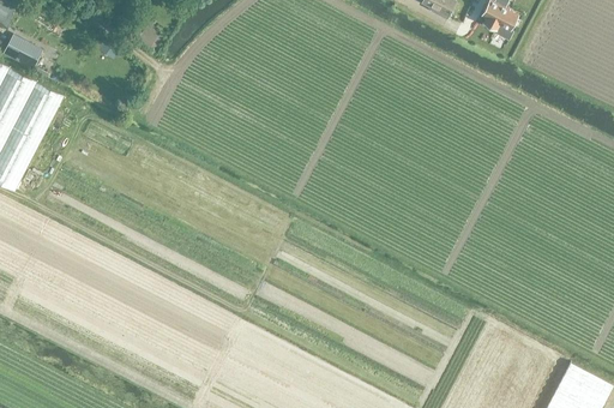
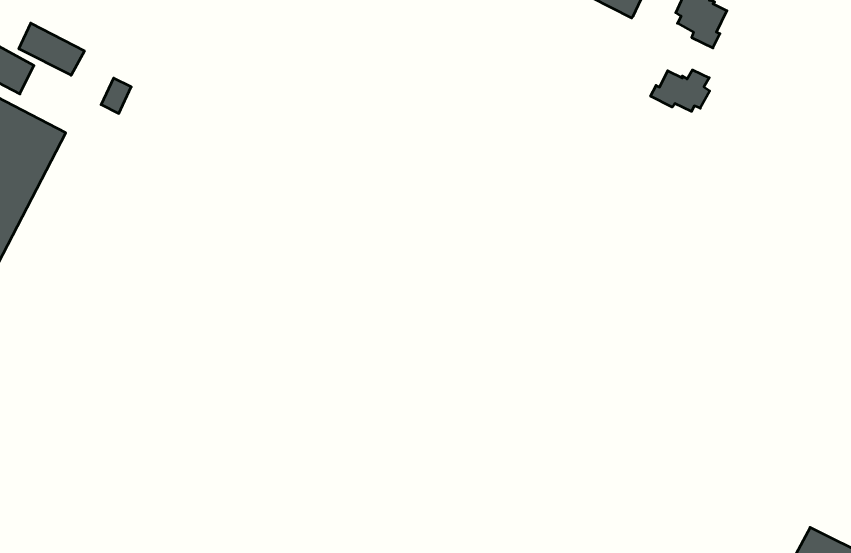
building: none -> [19,23,84,75]
building: none -> [651,70,710,111]

